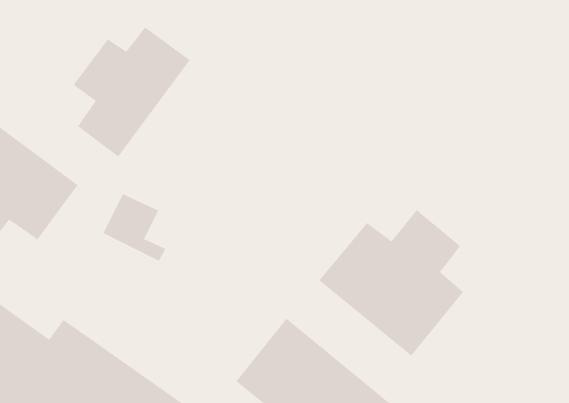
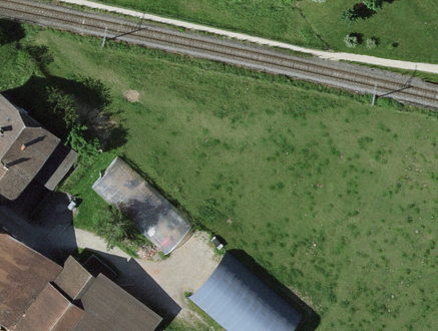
building: [73,26,190,158] -> none
building: [319,209,464,356] -> none

